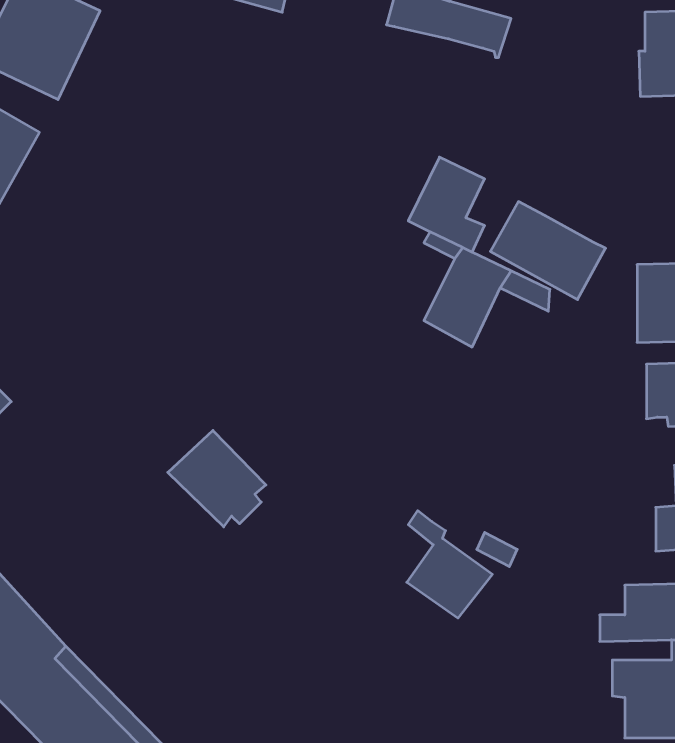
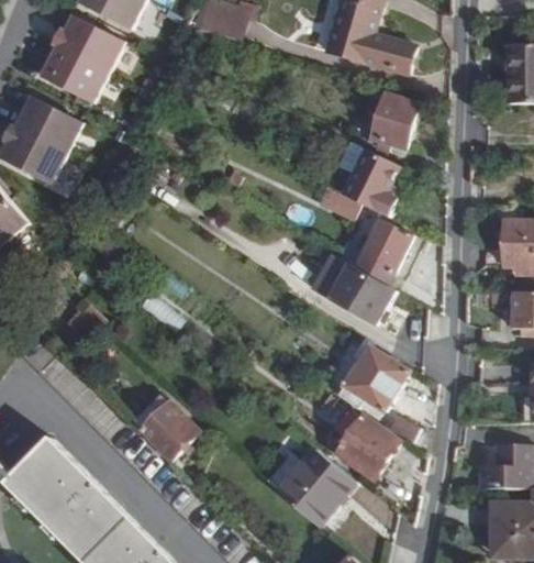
building: none -> [374,89,422,146]
building: [490,202,606,300] -> [314,252,396,321]
building: none -> [340,334,411,406]
building: [168,430,266,527] -> [130,393,199,461]
building: none -> [278,444,355,525]

